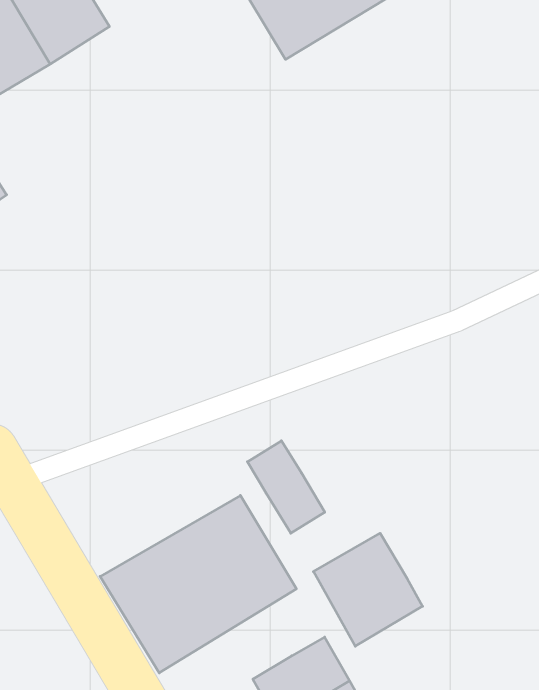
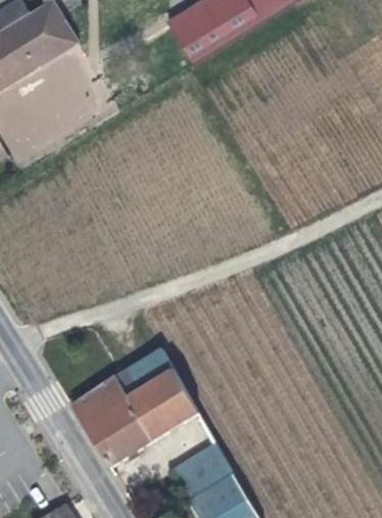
building: [247,441,325,533] -> none
building: [313,533,423,646] -> none

